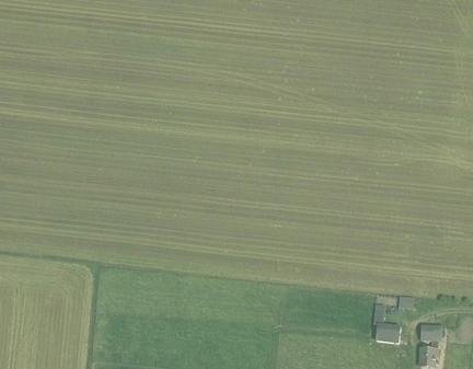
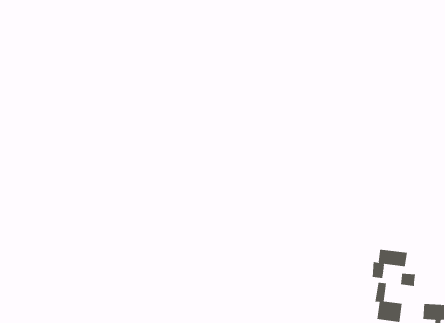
building: none -> [372,249,407,279]

